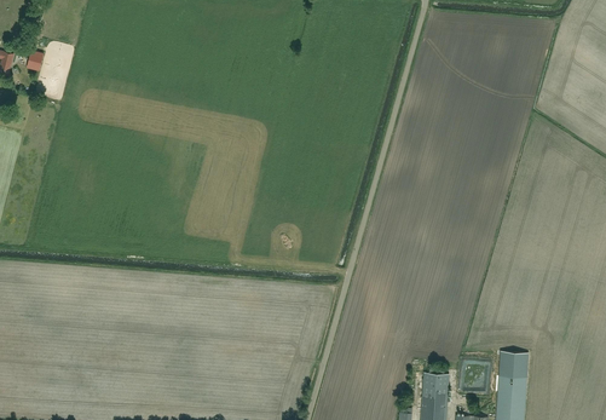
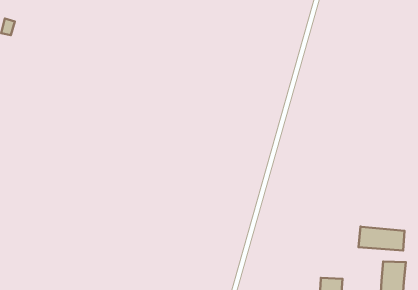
building: none -> [359,227,404,250]

